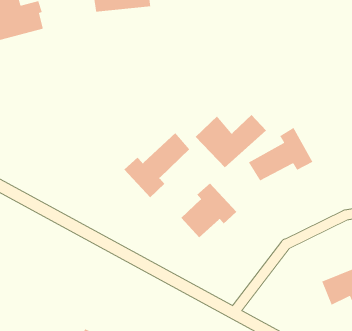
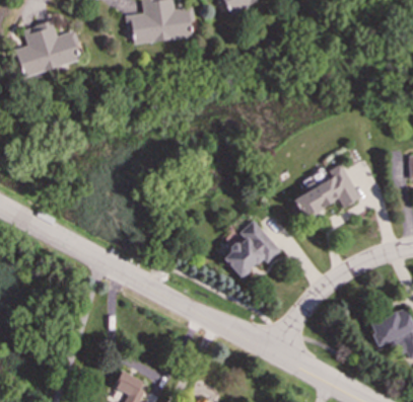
building: [195,114,267,168] -> none
building: [123,132,190,198] -> none

